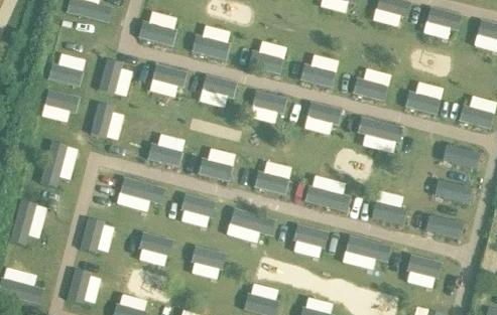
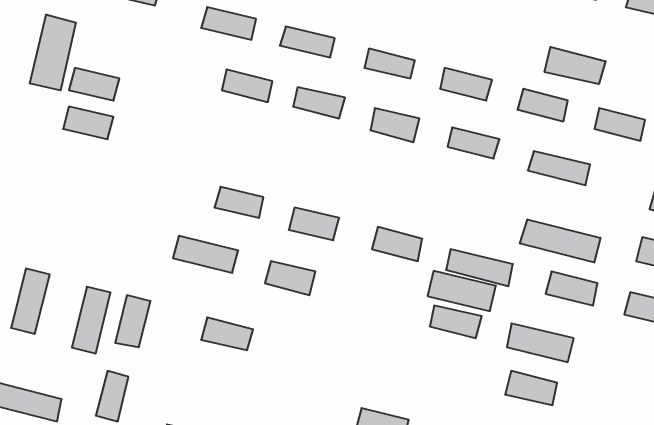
building: none -> [30,14,76,90]
building: none -> [545,47,606,84]
building: [99,59,122,94] -> none
building: [90,103,113,137] -> none
building: [40,141,67,186] -> [72,287,111,354]
building: none -> [520,219,600,263]
building: [229,208,275,235] -> [428,271,496,311]
building: [192,246,226,269] -> none
building: [406,255,442,278] -> [505,371,557,405]

